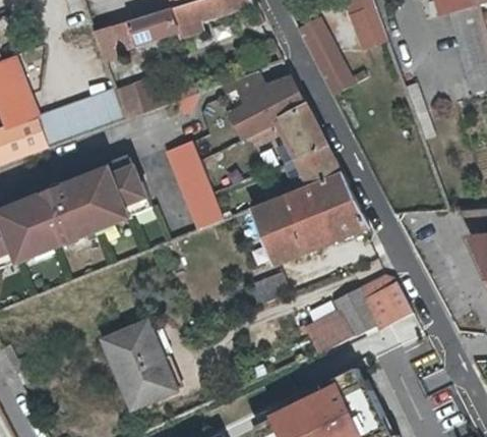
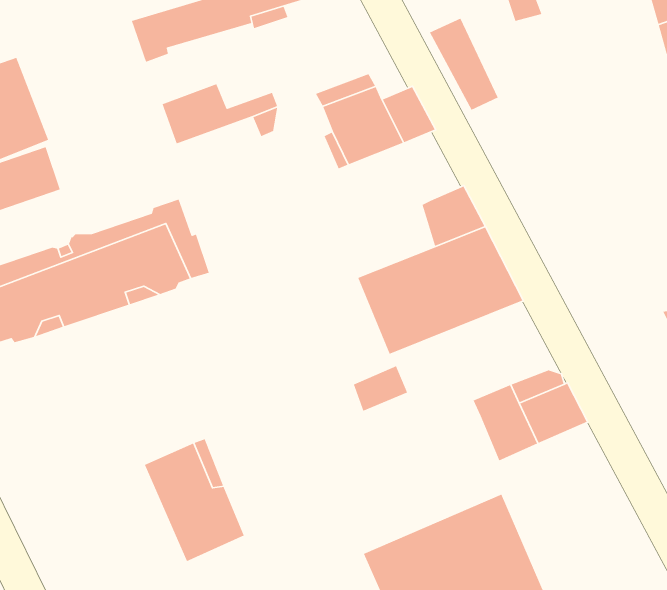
building: [37,90,126,148] -> none
building: [285,108,326,157] -> none
building: [166,145,222,231] -> none
building: [302,308,351,354] -> none

